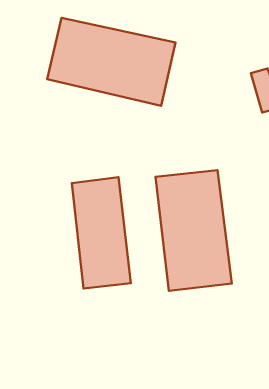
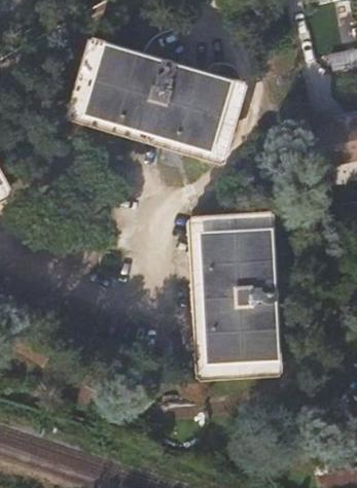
building: [72,177,131,288] -> none

